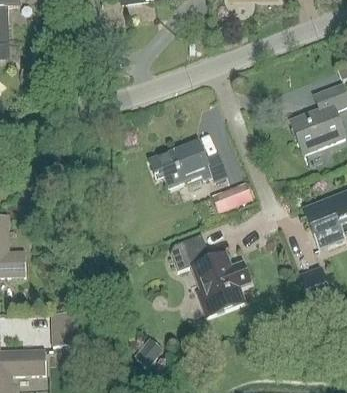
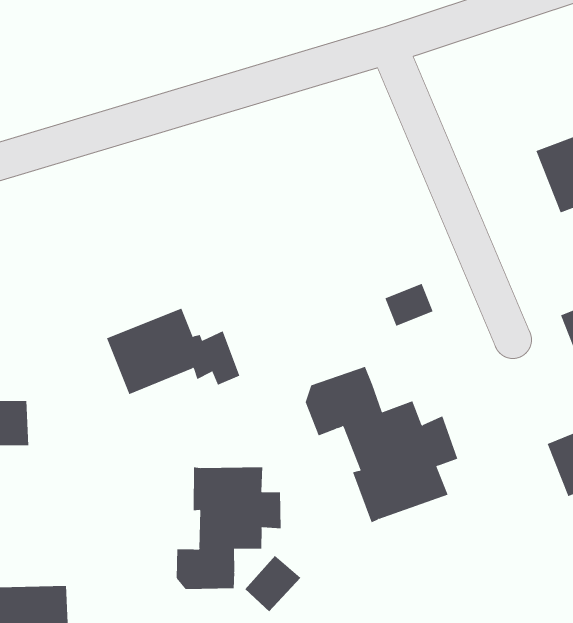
building: [157,141,228,187] -> [106,308,240,395]
building: none -> [176,467,281,590]
building: [51,314,77,346] -> none

